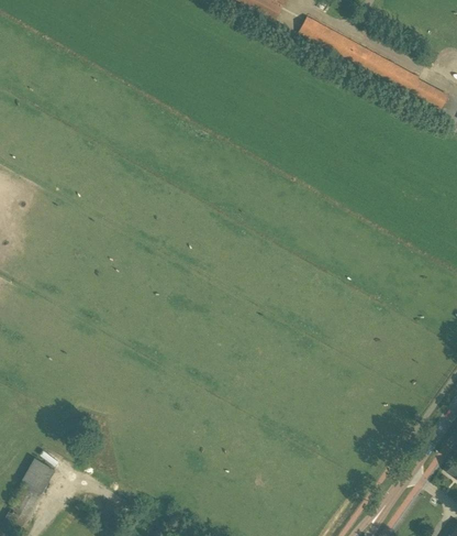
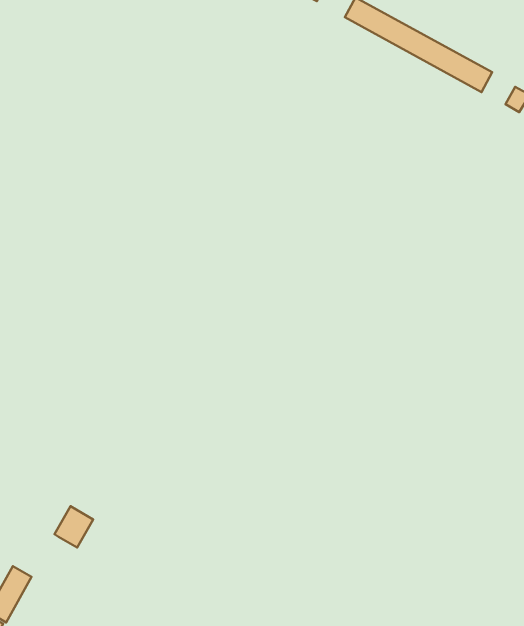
building: [23,459,55,493] -> [54,506,93,548]

